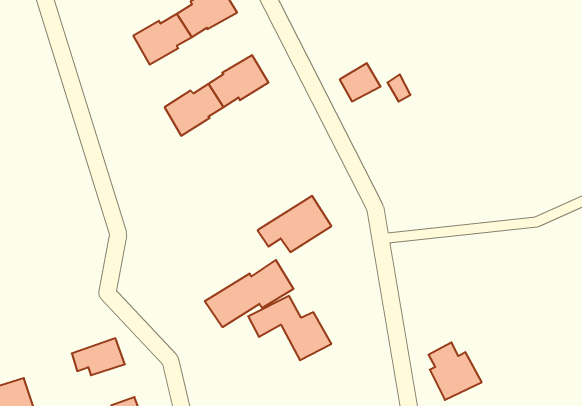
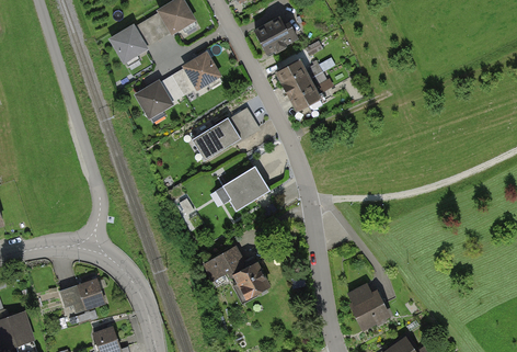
building: none -> [254,15,296,54]
building: none -> [286,78,319,109]
building: [205,260,294,327] -> [191,106,262,160]

